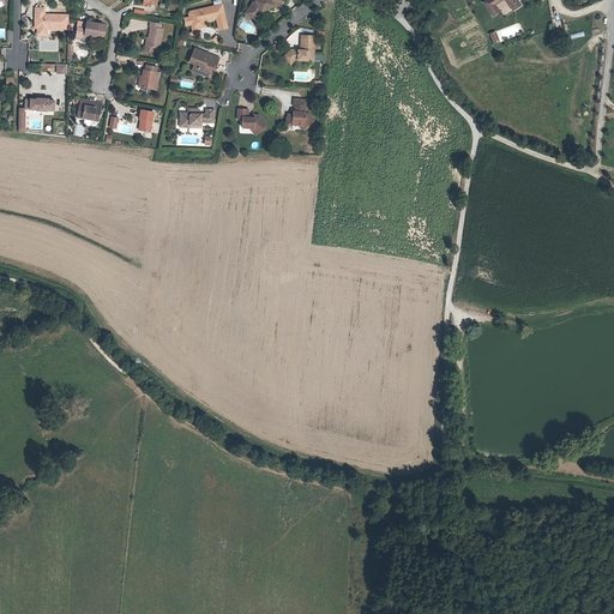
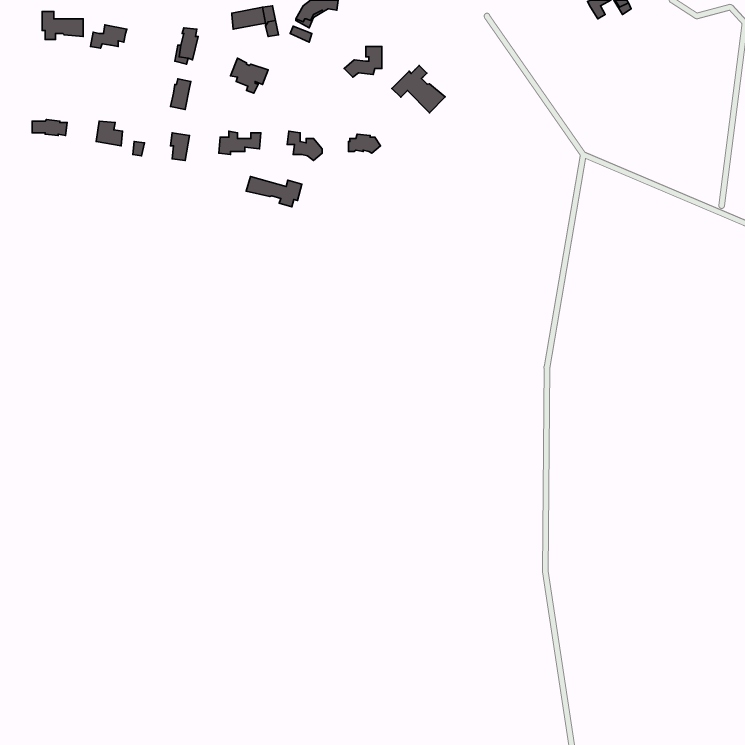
building: none -> [392,66,445,113]
building: none -> [246,176,302,207]

